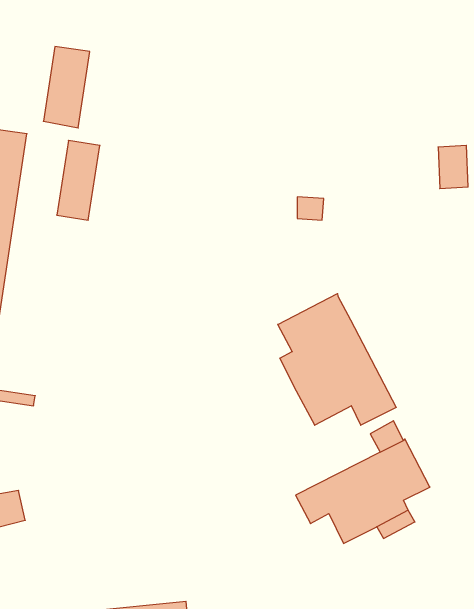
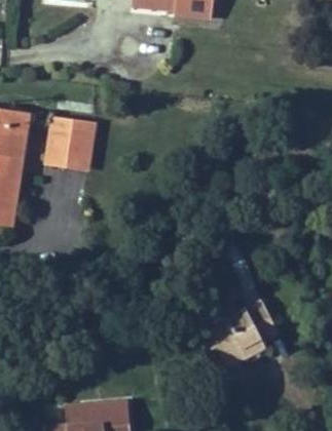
building: [43,47,90,128] -> [66,119,95,169]
building: [278,294,396,425] -> none

